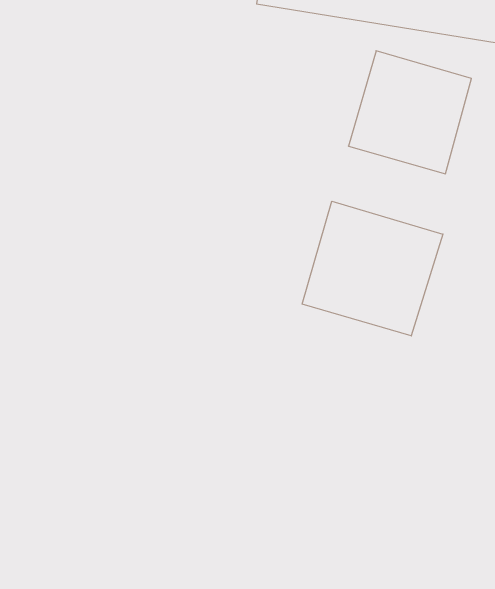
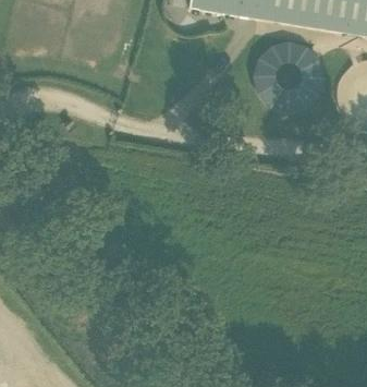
building: [302,201,443,336] -> none

